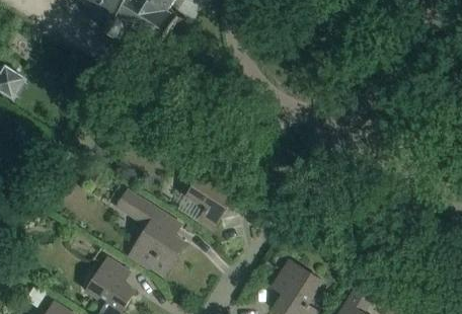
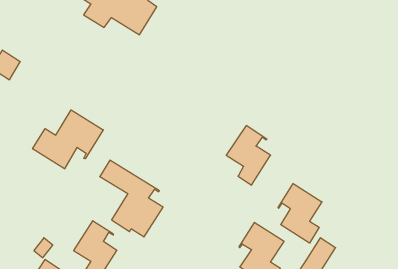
building: none -> [33,110,103,169]
building: [184,162,234,229] -> [226,126,271,185]
building: none -> [278,184,322,243]

